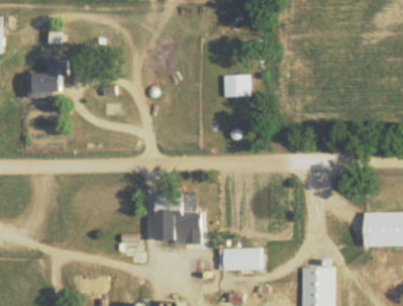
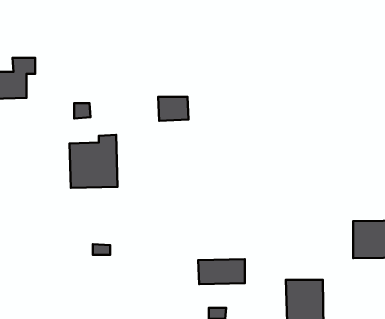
building: [222,75,250,97] -> [158,97,189,121]
building: [155,193,199,242] -> [70,135,117,188]

